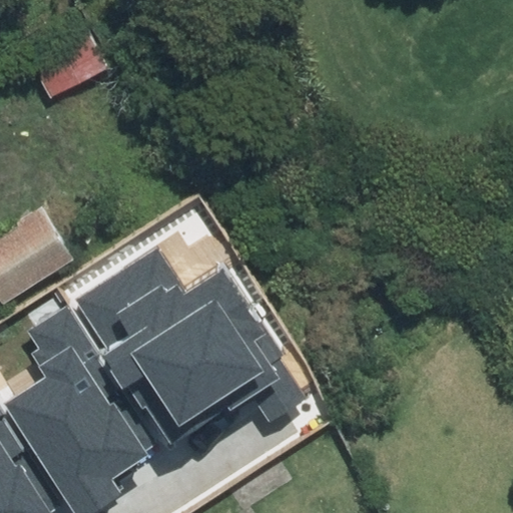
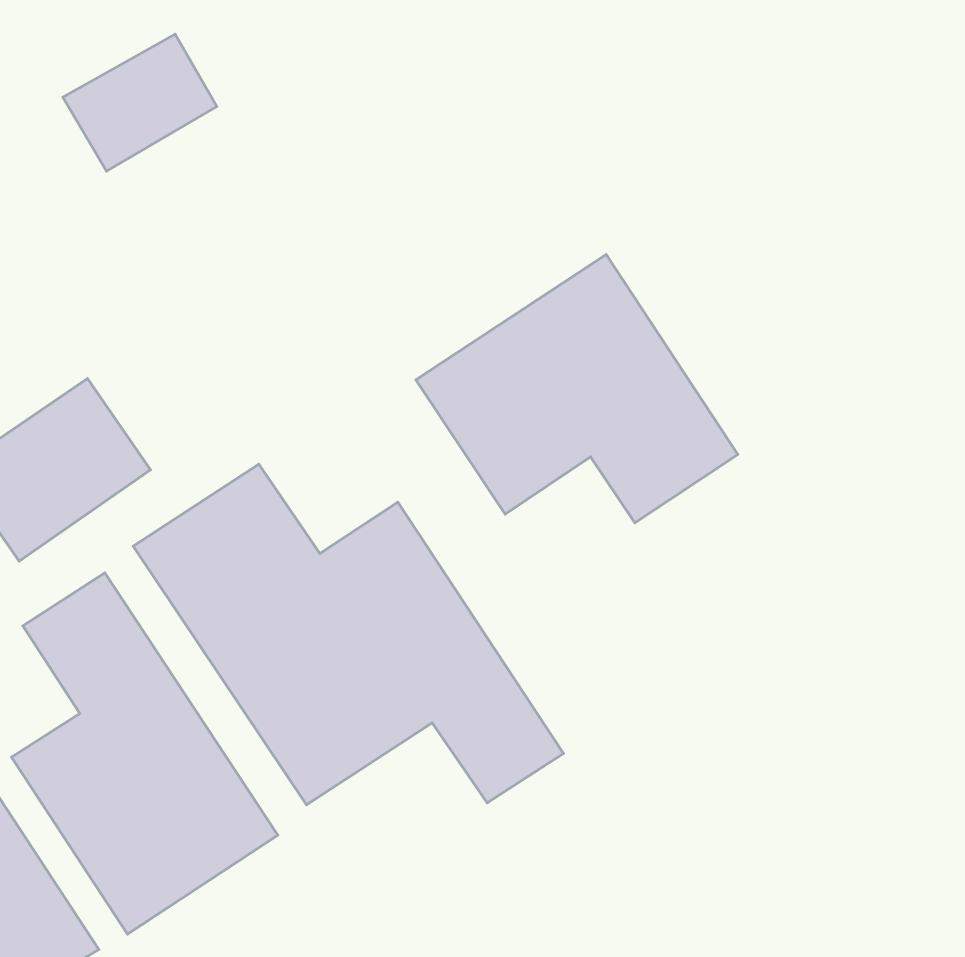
building: none -> [416,254,738,523]

